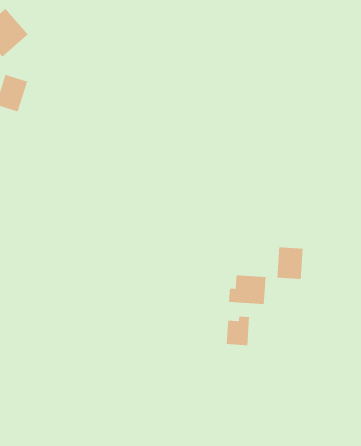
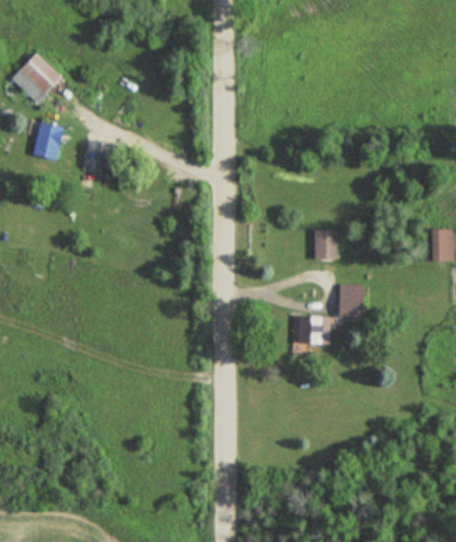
building: none -> [314,229,338,260]
building: [226,316,250,346] -> none

